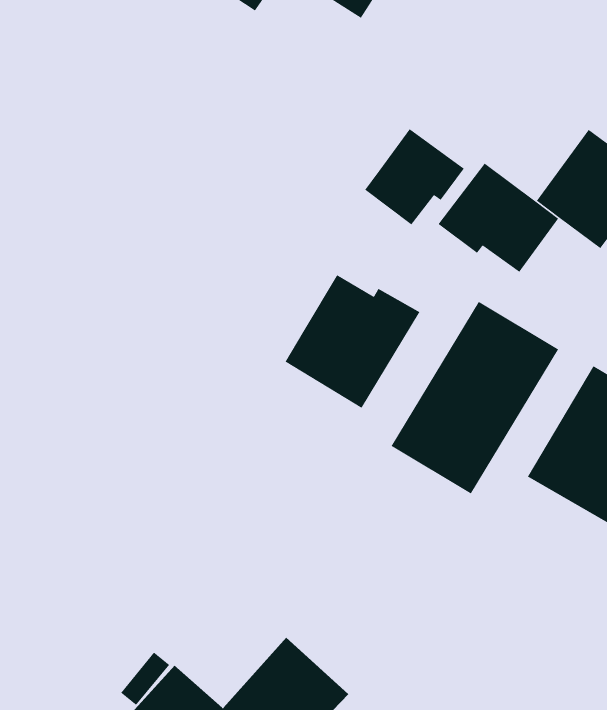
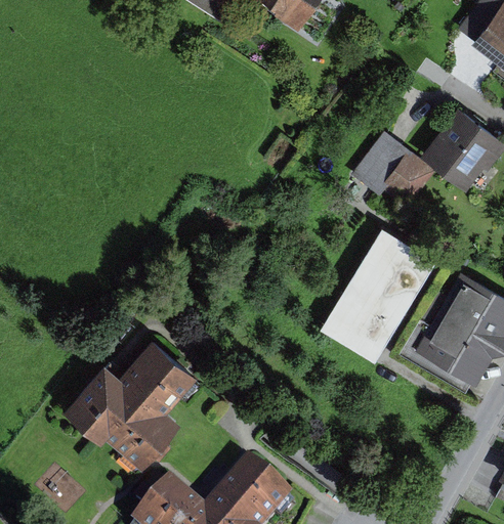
building: [364,128,465,225] -> none
building: [285,274,420,409] -> none
building: none -> [61,340,196,469]

